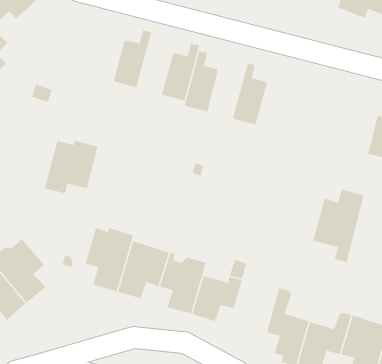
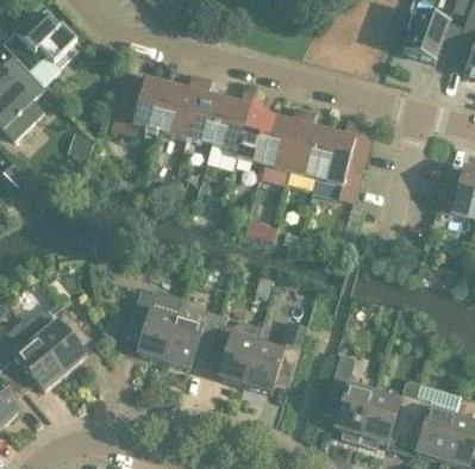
building: none -> [186,76,225,145]
building: none -> [263,107,306,171]
building: [44,140,98,194] -> [112,77,171,137]
building: [312,189,365,263] -> [315,121,373,202]

